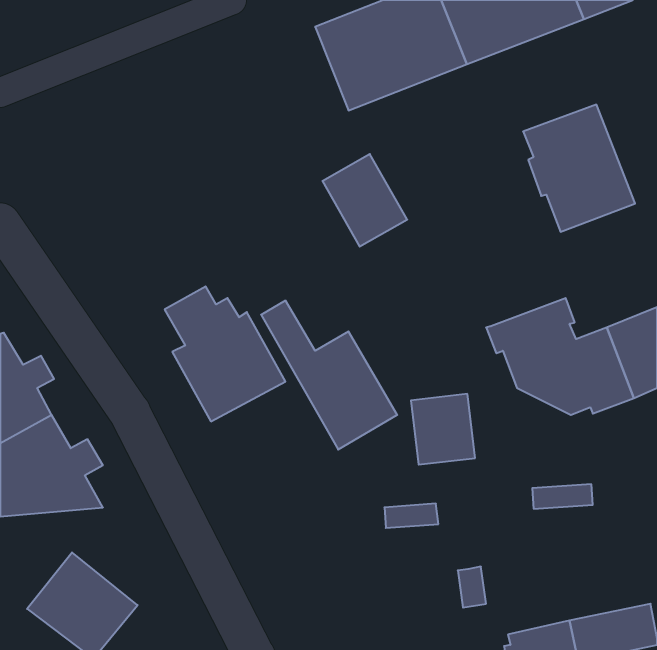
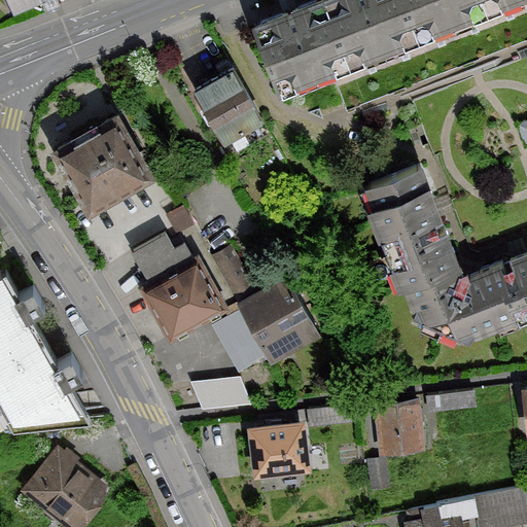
building: [523,105,635,232] -> [363,165,453,267]
building: none -> [50,113,154,216]
building: [322,154,407,247] -> [194,70,261,144]
building: none -> [214,310,264,371]
building: [411,394,475,465] -> [373,399,424,456]
building: none -> [187,379,248,408]
building: none -> [246,421,309,477]

